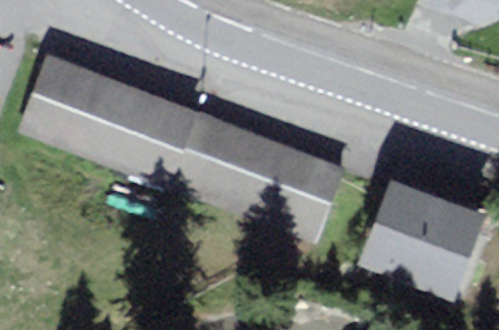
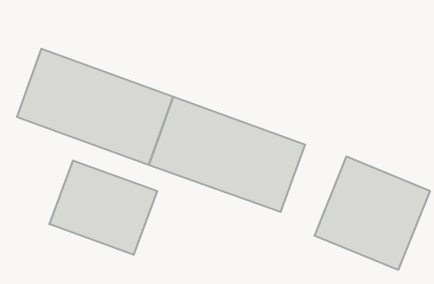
building: none -> [49,160,157,255]

